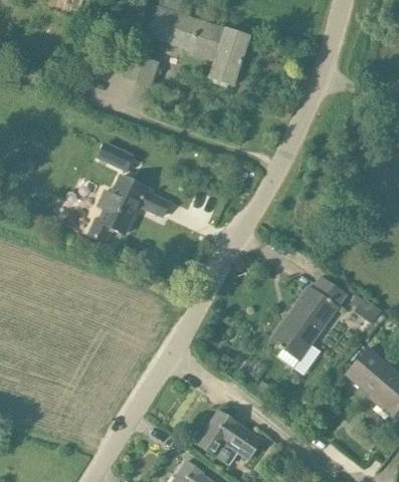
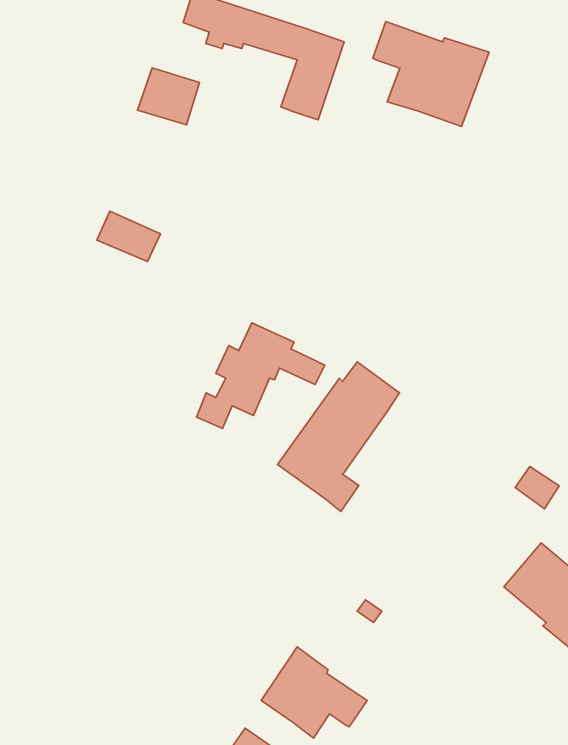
building: none -> [373,21,489,127]
building: [89,177,169,242] -> [196,323,325,428]
building: [270,275,346,368] -> [278,362,400,512]

